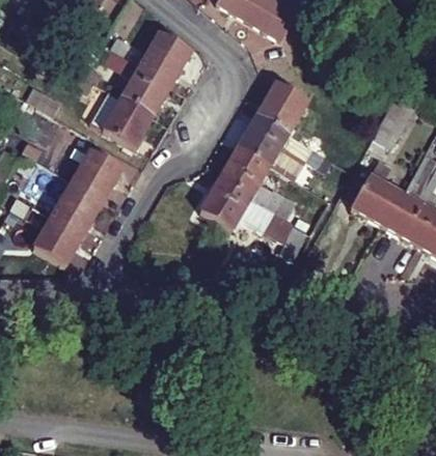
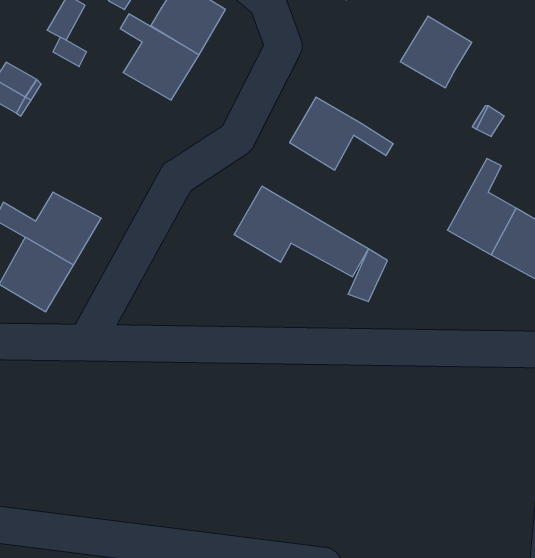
building: [257,80,308,131] -> [400,16,472,88]
building: [90,87,155,145] -> none
building: [69,139,124,198] -> none
building: [219,144,283,208] -> none

